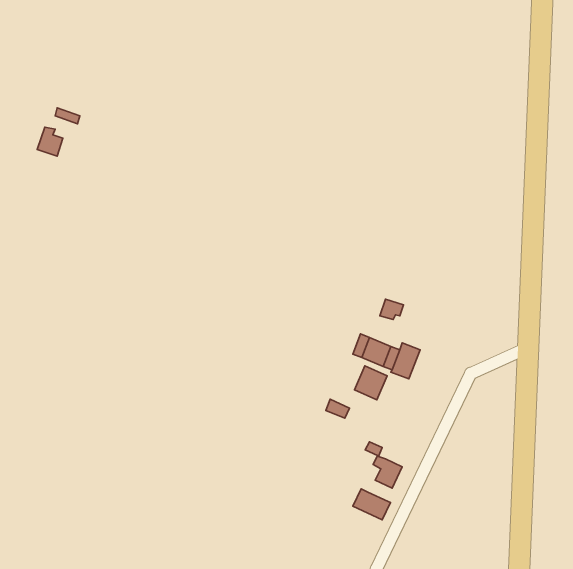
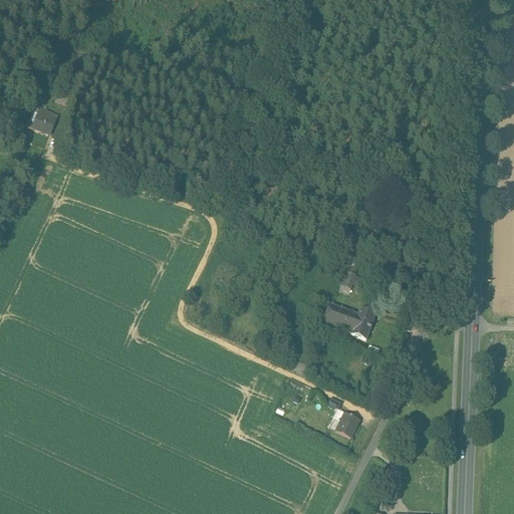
building: [355,366,387,400] -> none
building: [353,489,390,520] -> none

